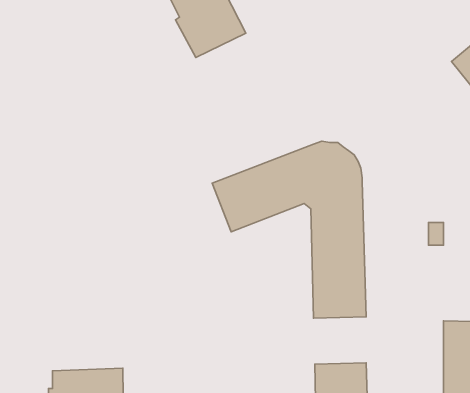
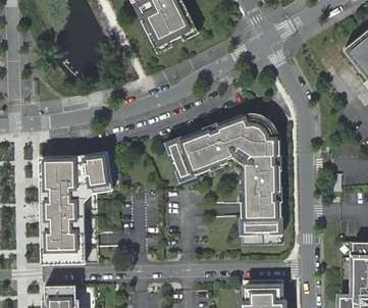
building: none -> [39,151,121,265]

